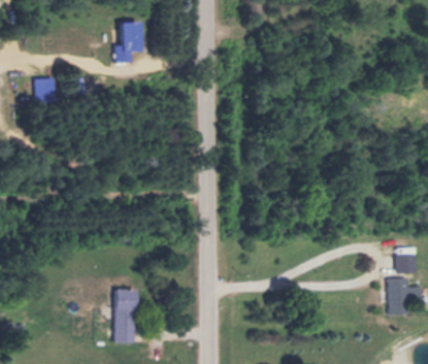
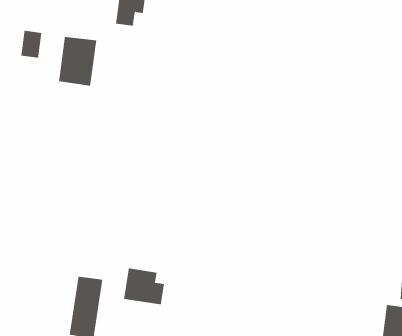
building: none -> [59,36,97,87]
building: none -> [123,268,164,305]

